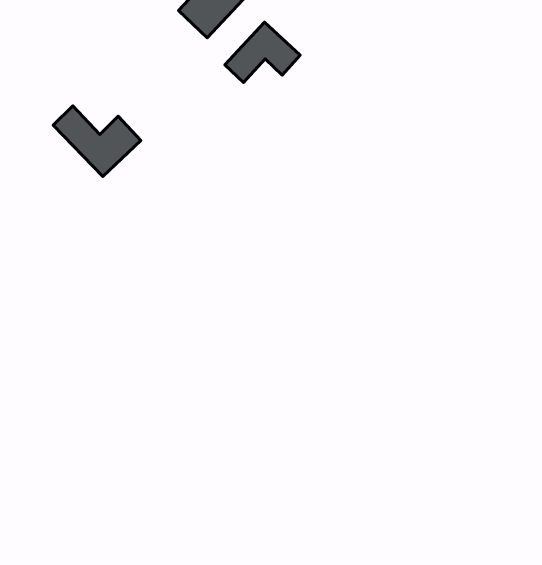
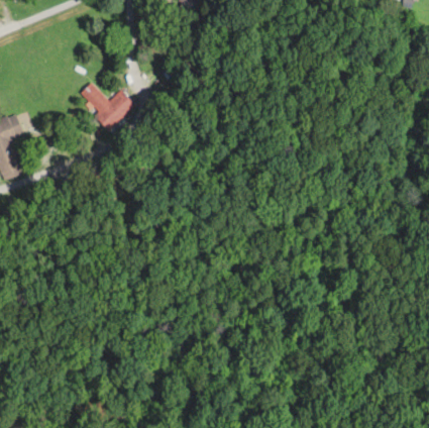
building: [225,22,300,83] -> none

